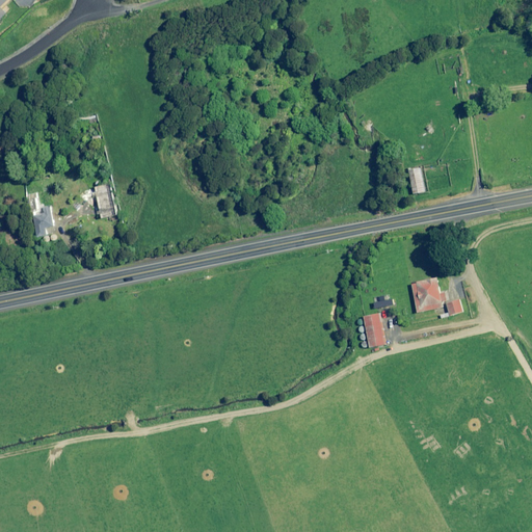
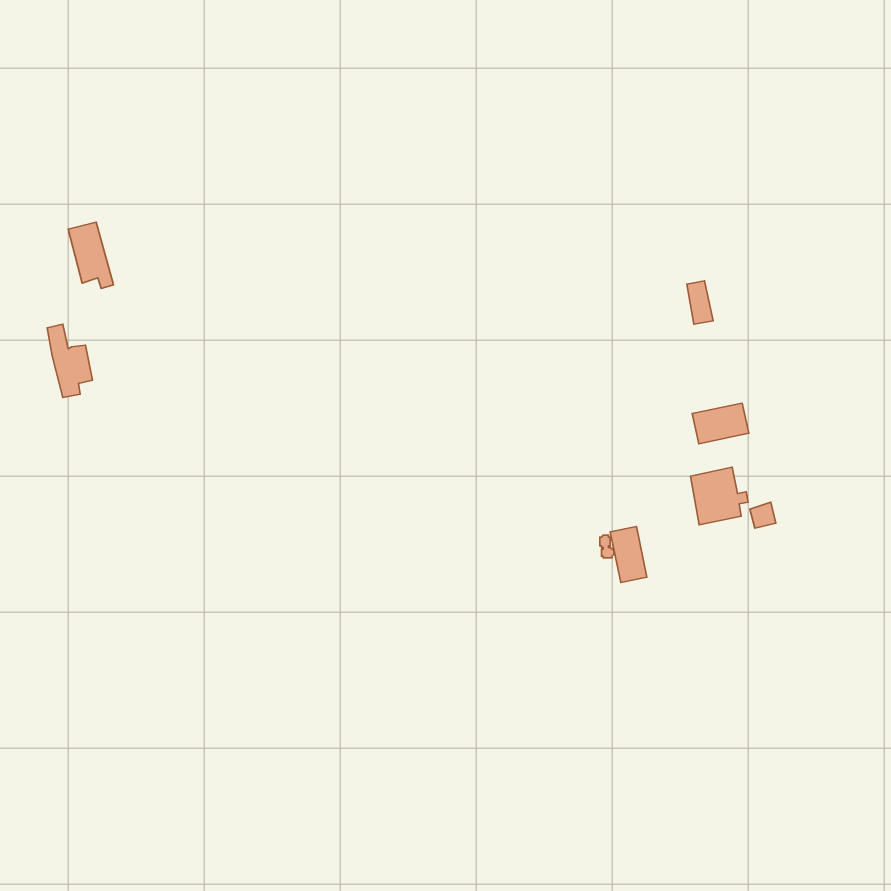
building: [92,183,119,222] -> [68,222,114,288]
building: none -> [692,403,749,444]

